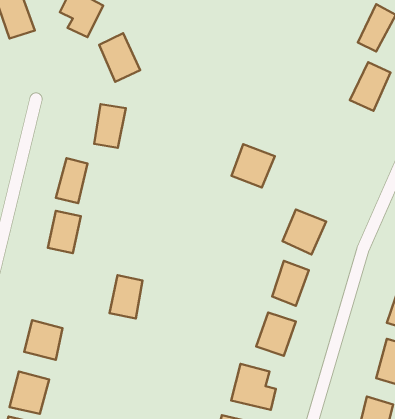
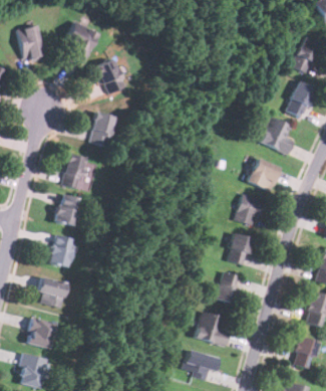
building: none -> [260,117,296,156]
building: [231,144,275,188] -> [249,158,282,191]
building: [110,275,142,319] -> [50,234,75,267]

